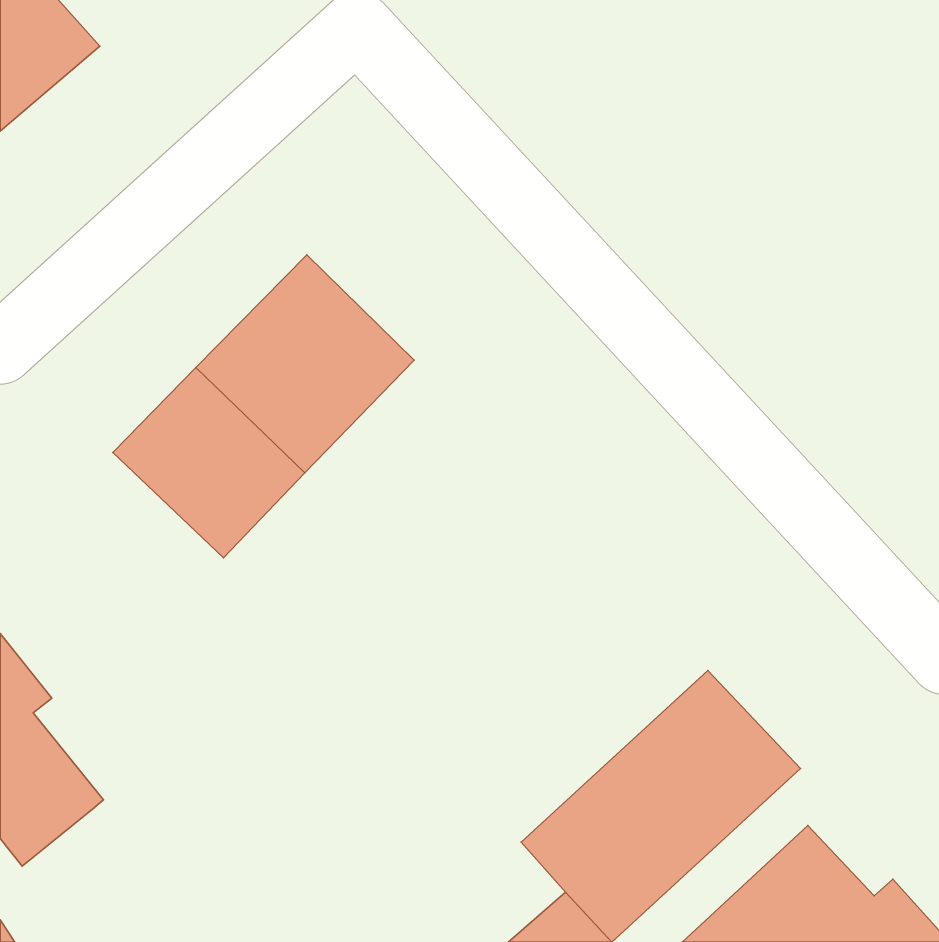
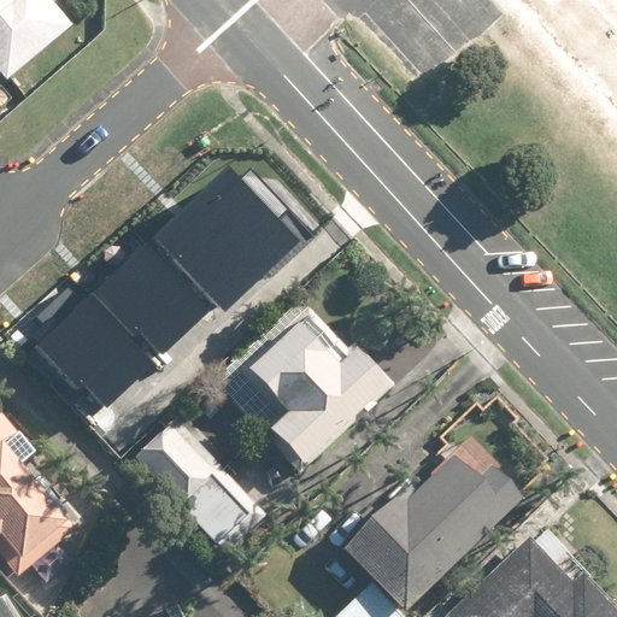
building: none -> [28,295,149,416]
building: none -> [211,301,389,480]
building: none -> [147,435,268,557]

